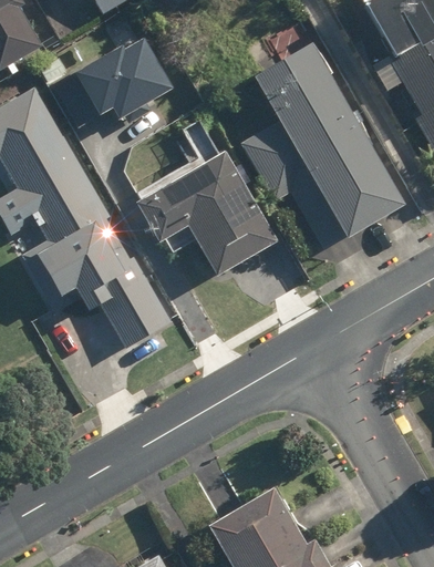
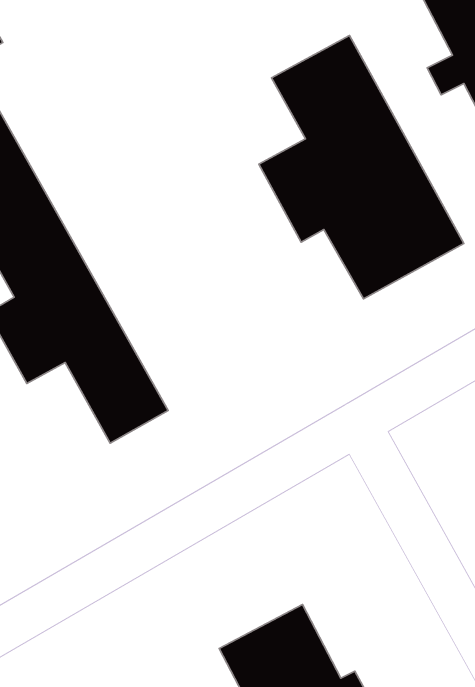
building: [46,35,167,125] -> none
building: [134,124,278,272] -> none

